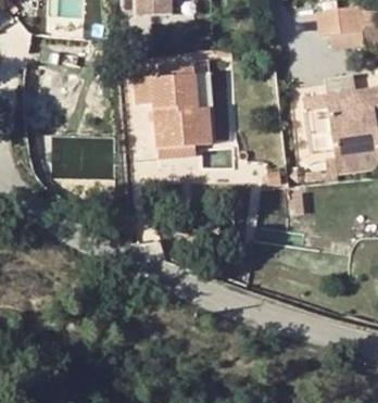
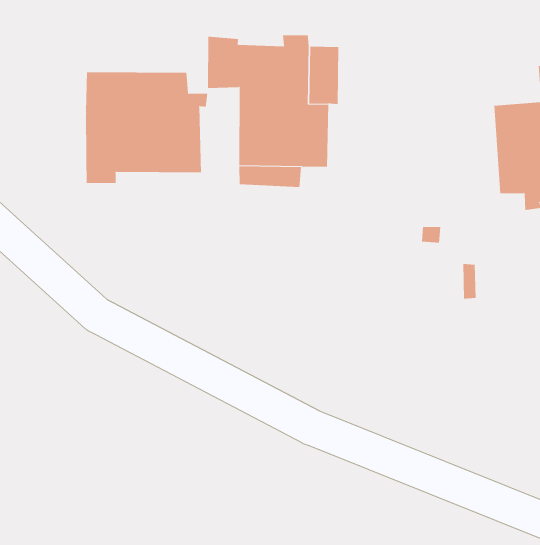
building: none -> [86,72,208,184]

